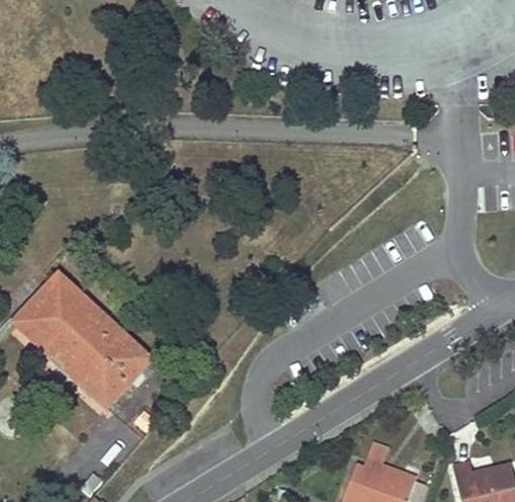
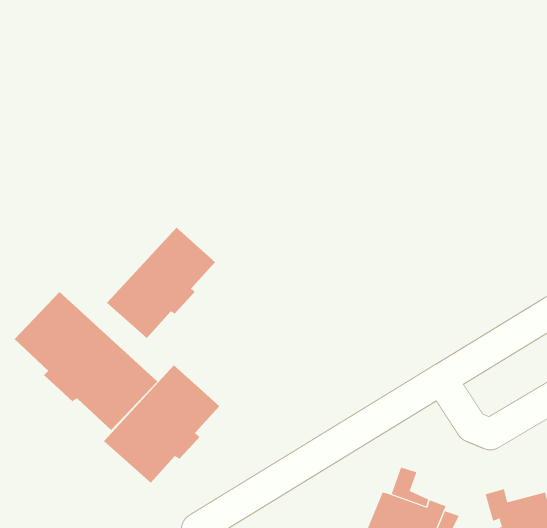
building: none -> [106,227,216,339]
building: none -> [103,365,220,484]

